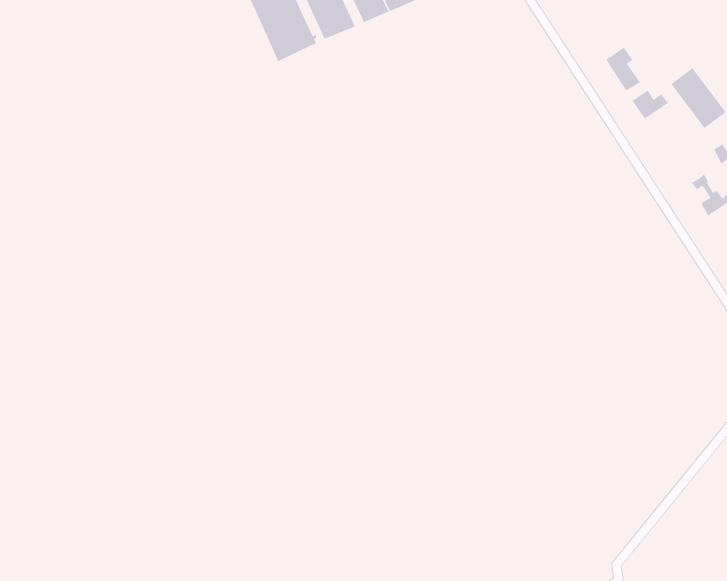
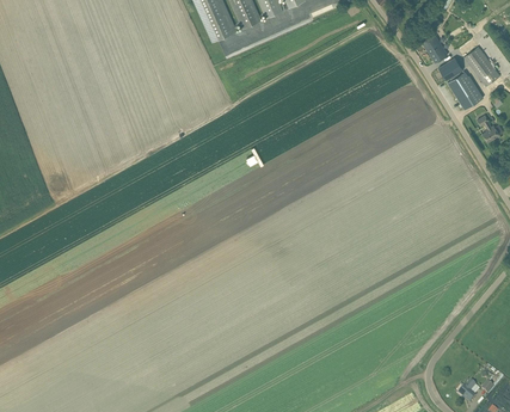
building: none -> [449,69,484,107]

